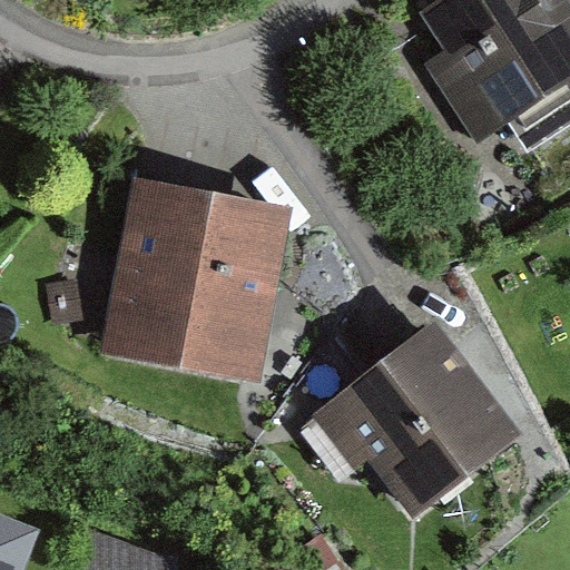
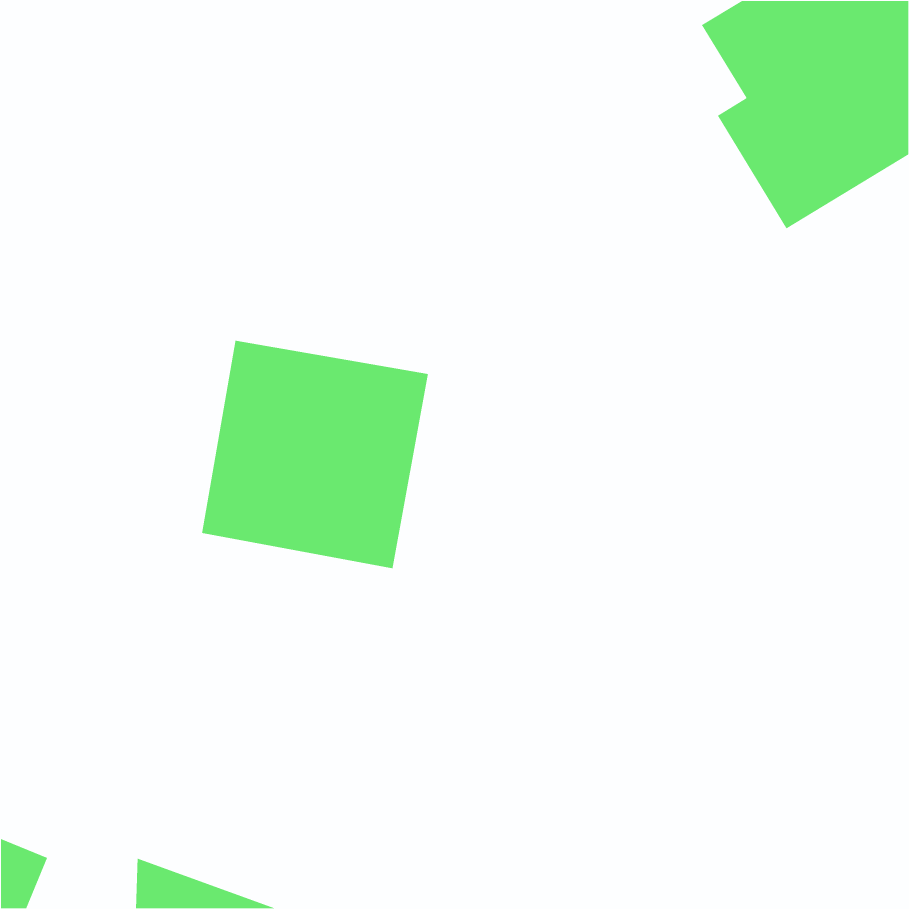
building: [324,338,507,503] -> none

